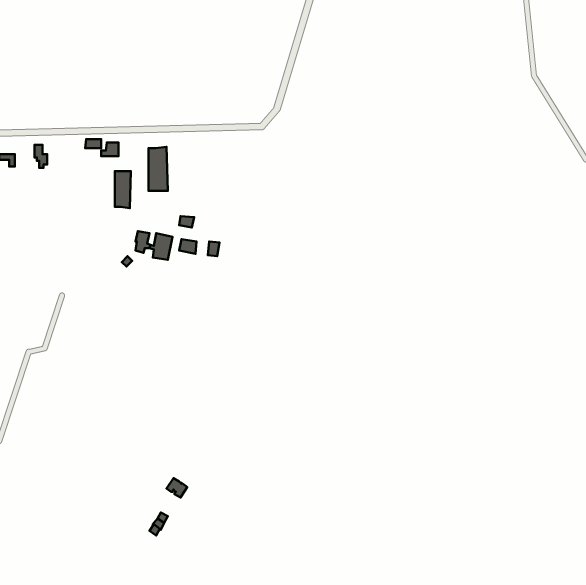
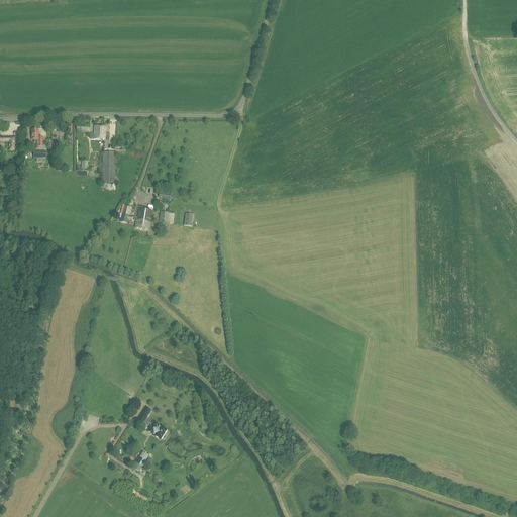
building: [149,147,168,191] -> none

